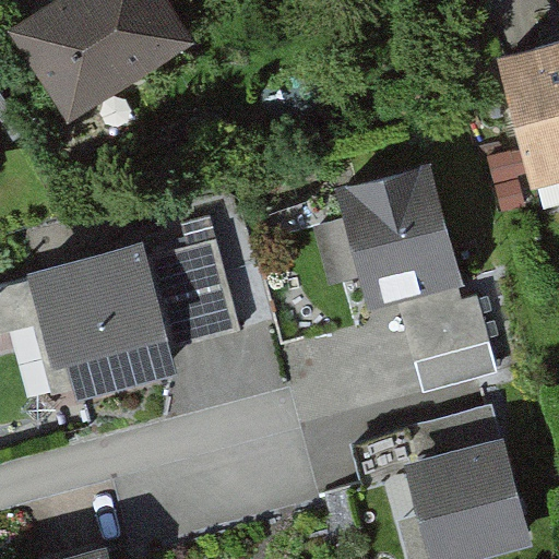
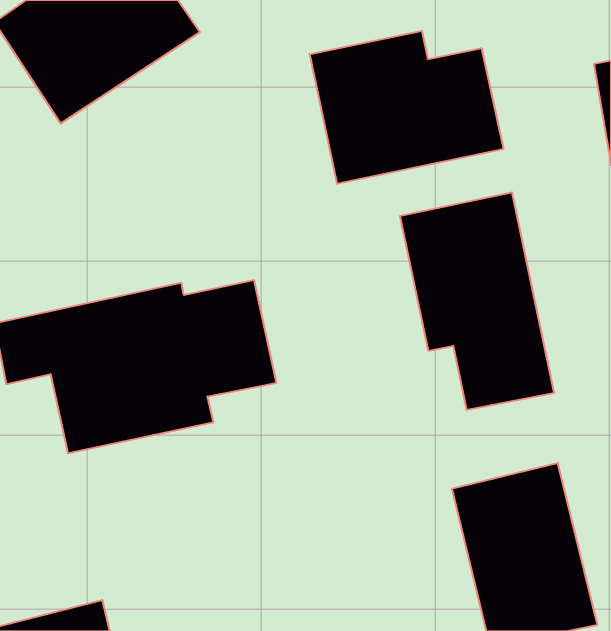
building: none -> [310,31,503,184]

